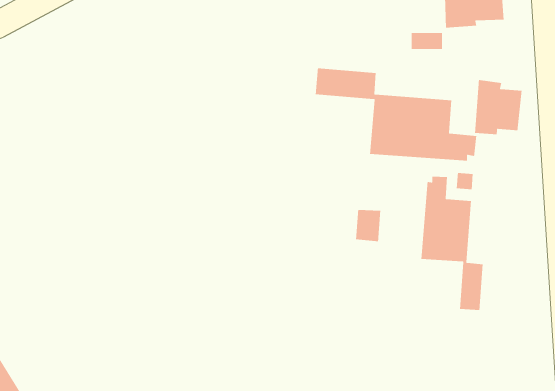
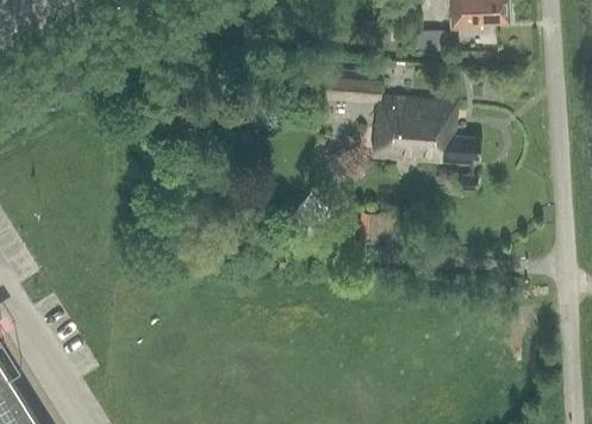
building: [474,79,522,135] -> none
building: [421,176,484,311] -> none

